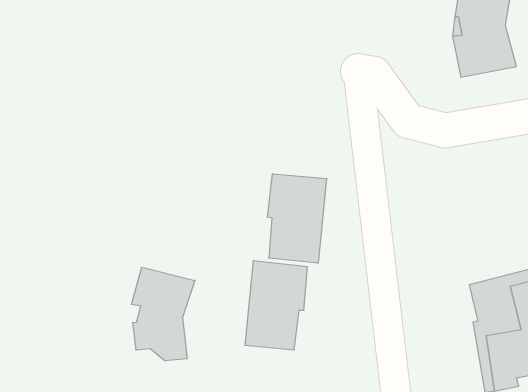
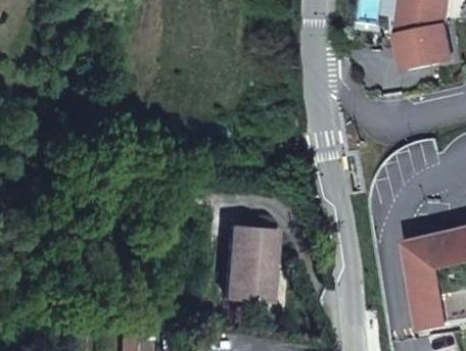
building: [267,174,327,263] -> none
building: [132,267,195,361] -> none

